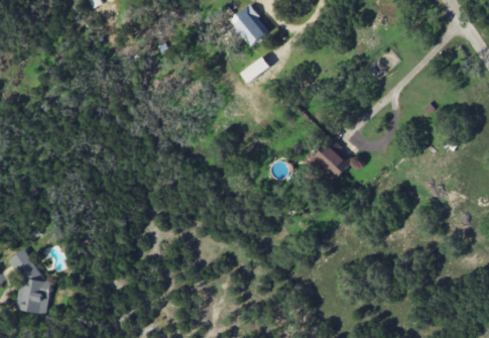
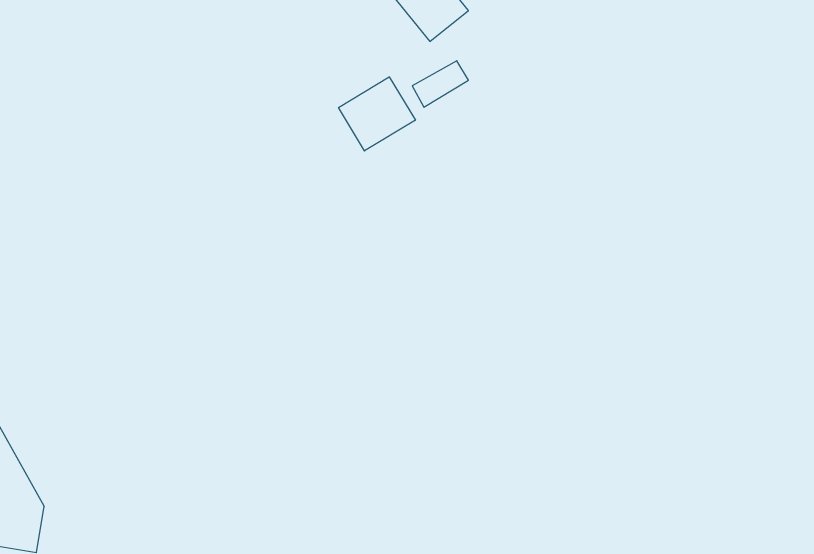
building: none -> [339,77,415,151]
building: [312,138,353,180] -> none

